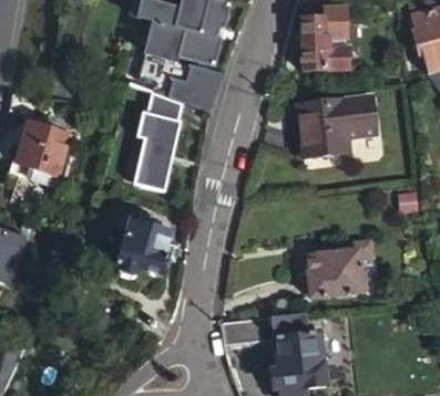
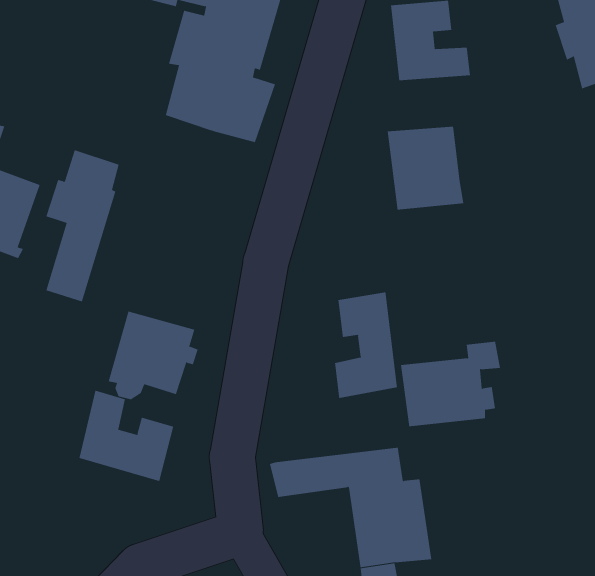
building: [134,91,183,191] -> [46,149,120,302]
building: [342,94,376,134] -> none
building: none -> [334,292,398,399]
building: none -> [79,390,174,482]

